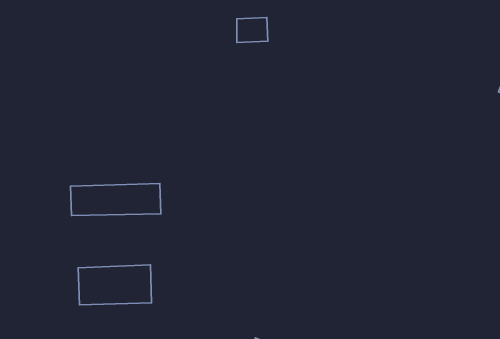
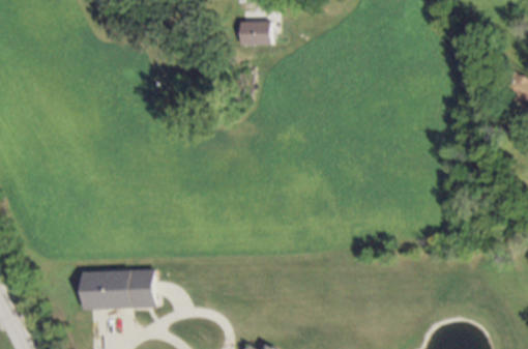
building: [71,183,161,216] -> none

